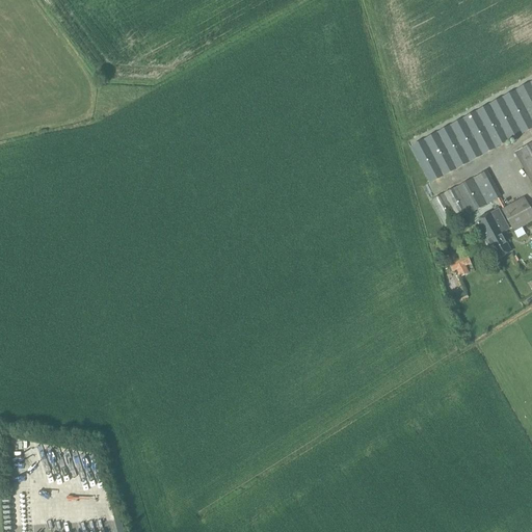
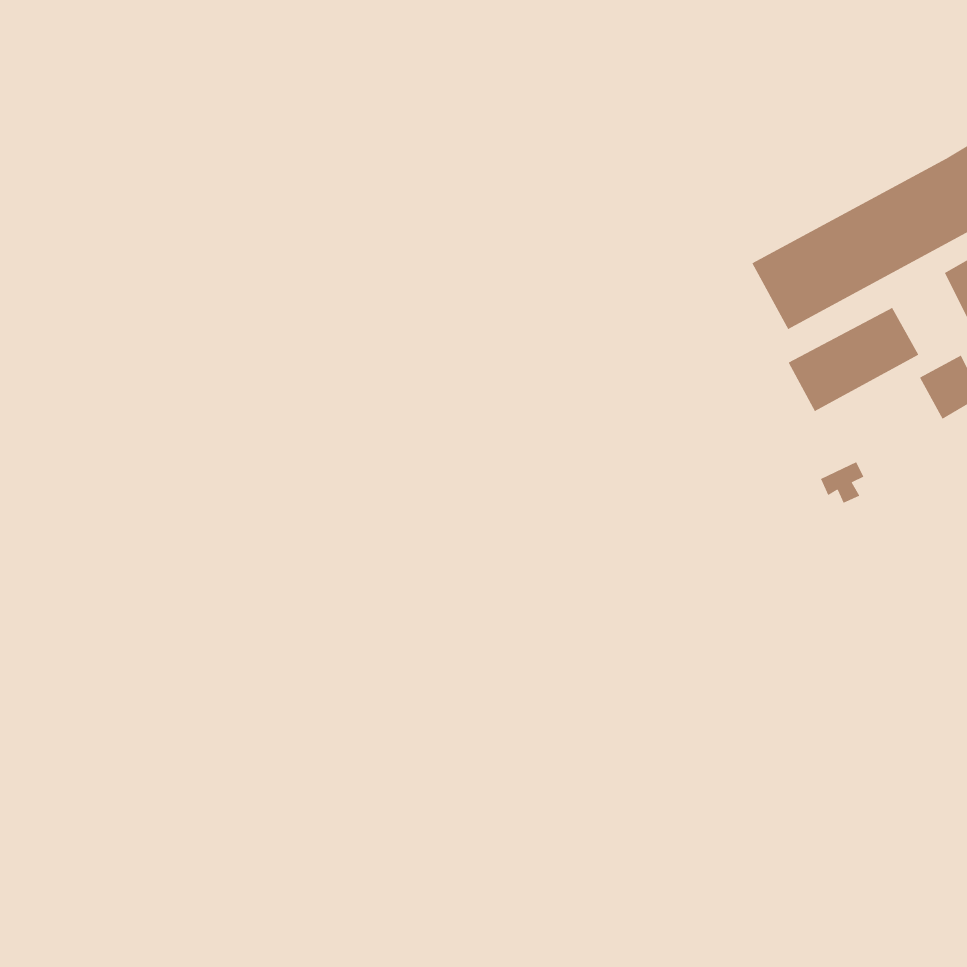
building: [479,207,515,256] -> none

